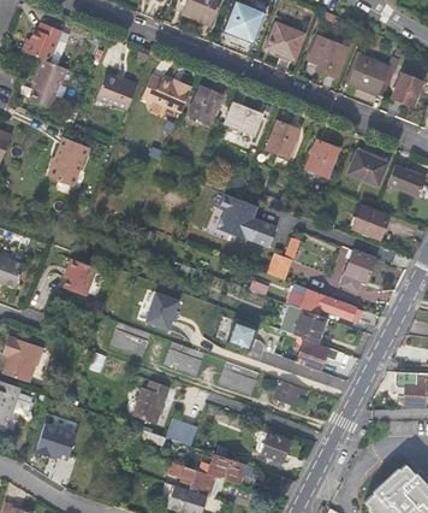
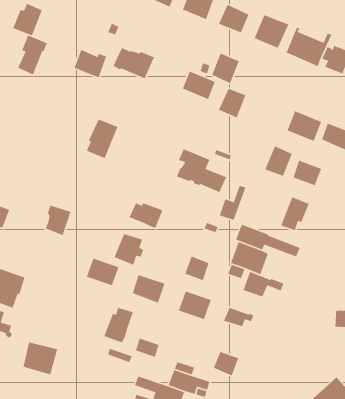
building: [189,86,222,123] -> [211,53,240,84]
building: [49,137,88,185] -> [86,118,119,159]
building: [305,138,339,176] -> [264,145,293,177]
building: none -> [129,202,163,229]

